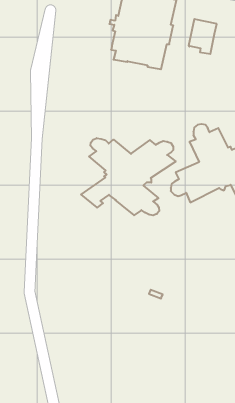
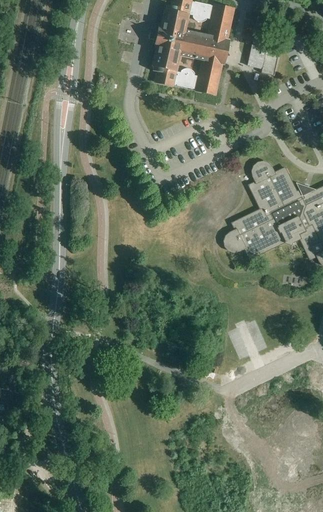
building: [81,138,176,215] -> none

